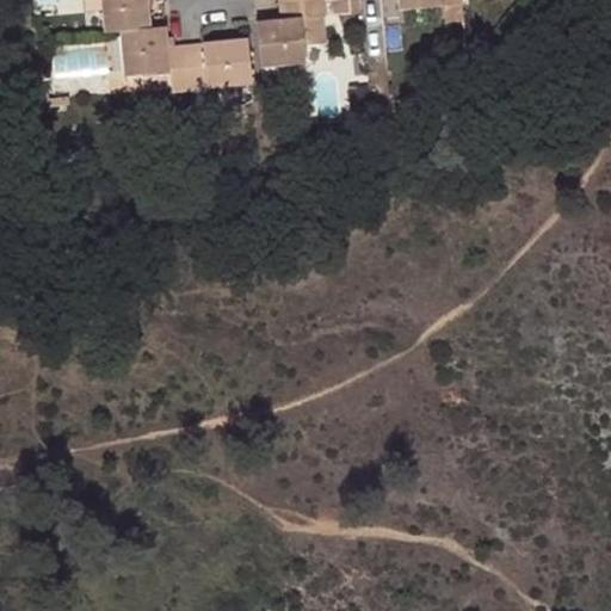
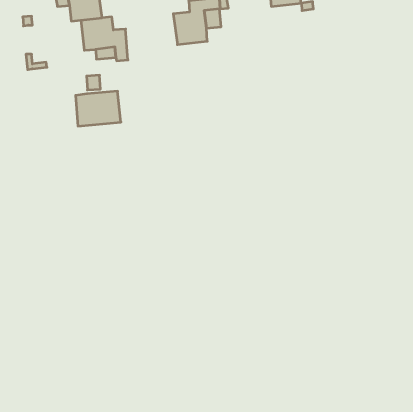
building: [186,37,253,88] -> [76,91,121,126]

